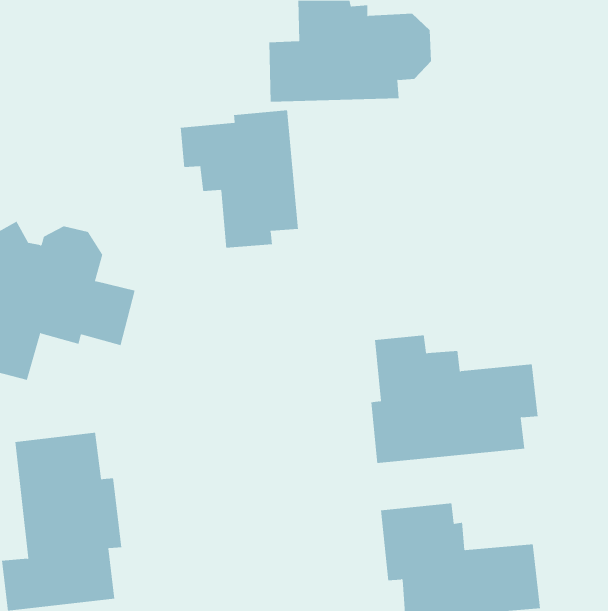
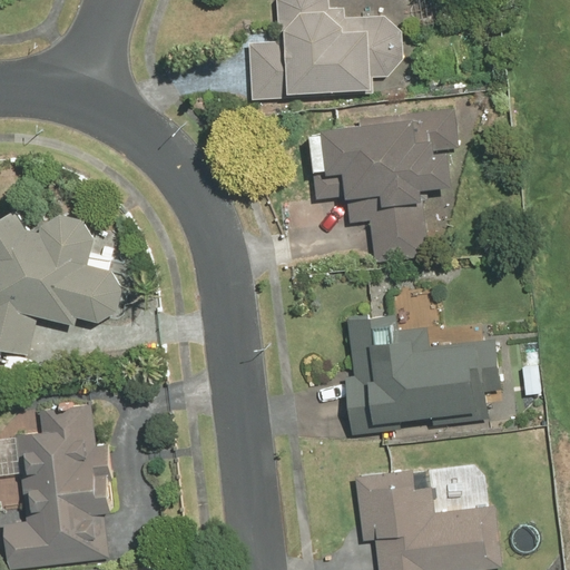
building: [180,110,299,249] -> none
building: none -> [320,111,455,261]

